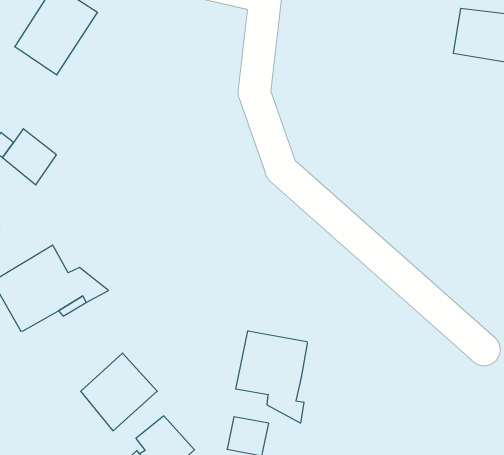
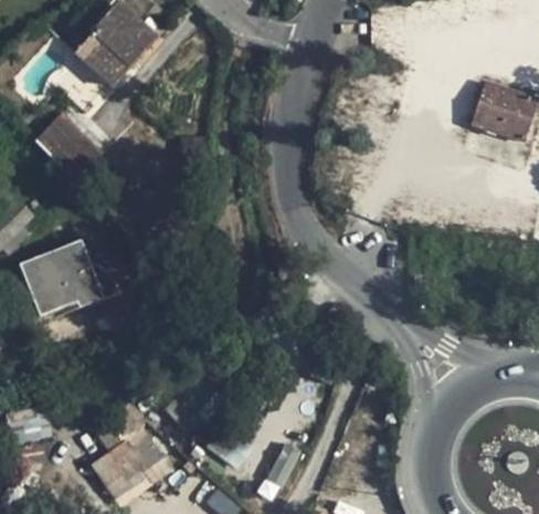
building: [236,331,307,423] -> none
building: [81,353,157,431] -> none

